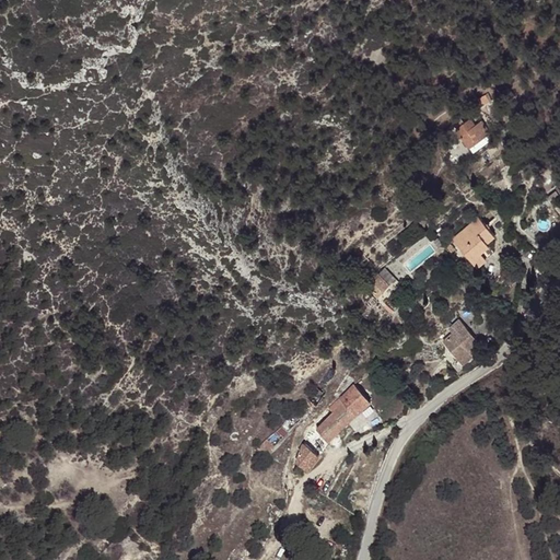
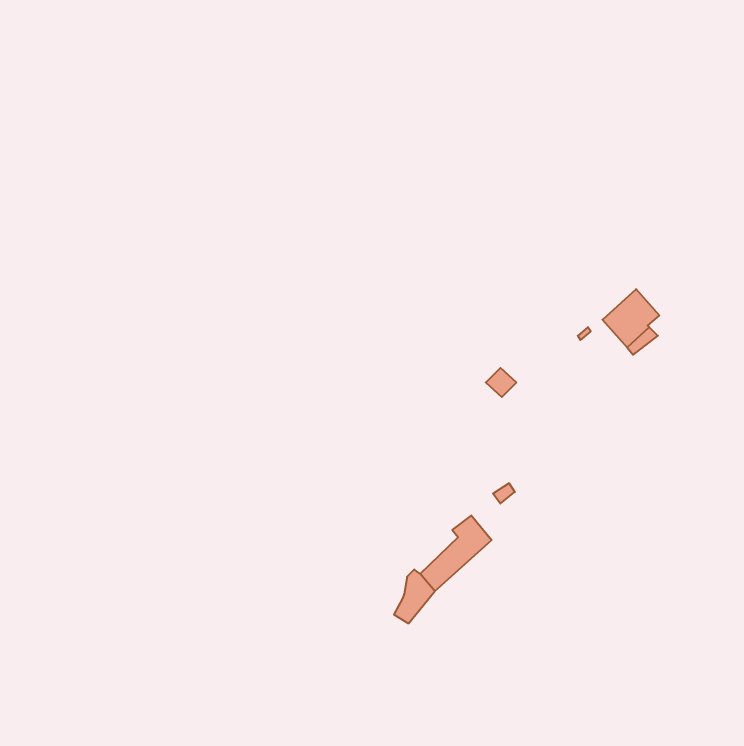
building: [453,119,488,148] -> none
building: [442,322,480,366] -> none

